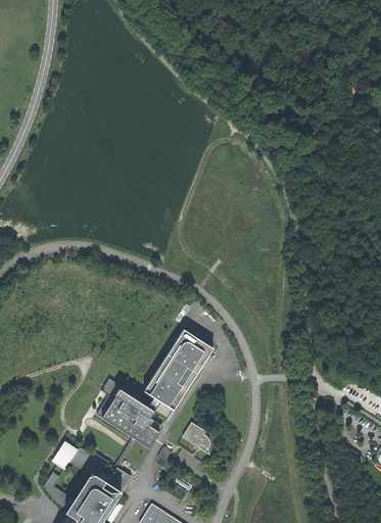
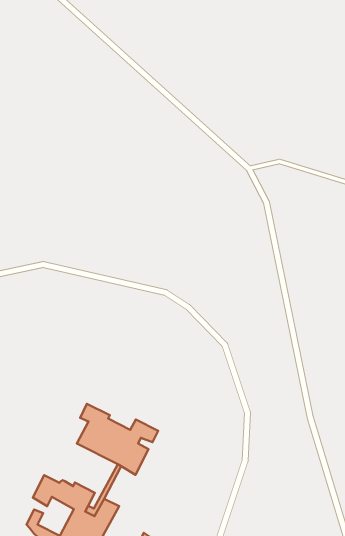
building: [143,329,212,410] -> none
building: [182,422,209,455] -> none

